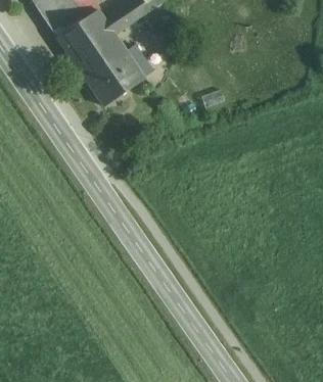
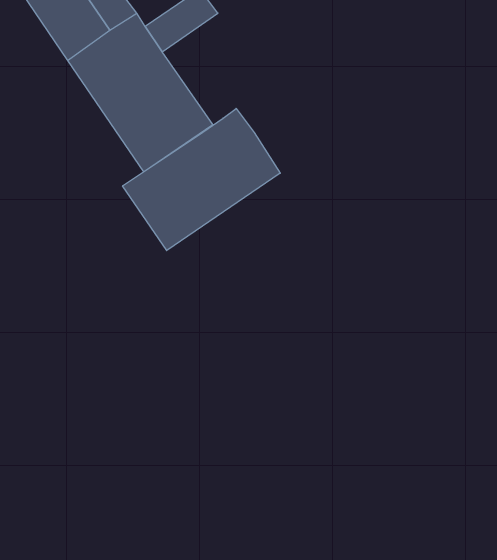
building: none -> [123,108,280,251]

